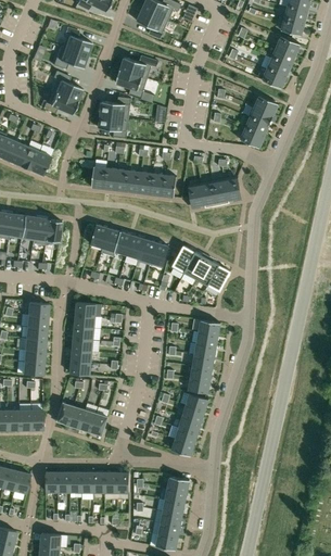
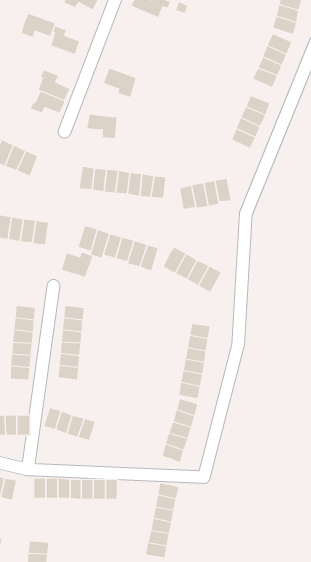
building: [137,9,169,40] -> none
building: [54,47,88,71] -> [21,13,55,38]
building: [120,56,158,79] -> none
building: [101,97,131,118] -> none
building: none -> [61,252,93,277]

